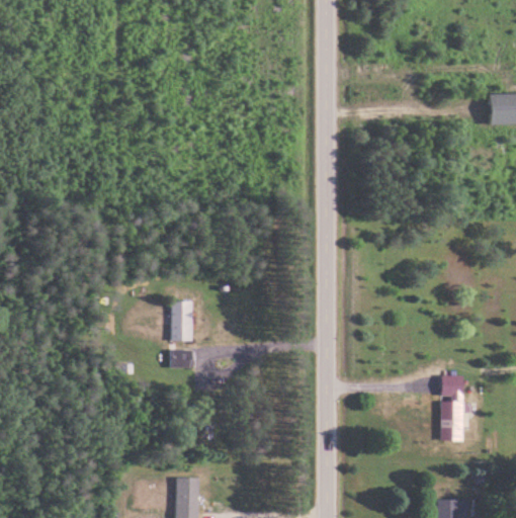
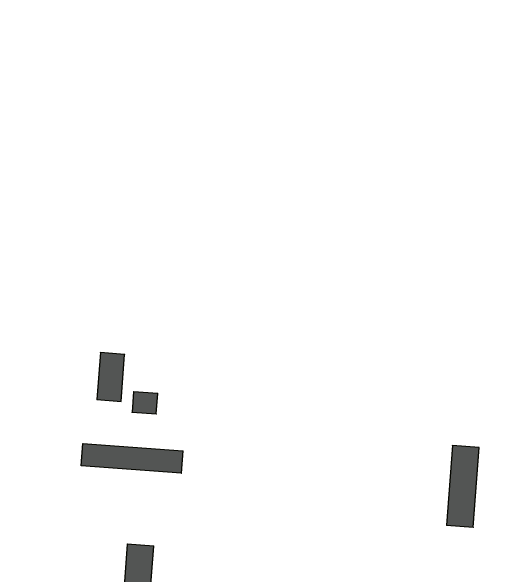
building: [172,301,192,341] -> [97,353,125,401]
building: none -> [81,444,183,473]

